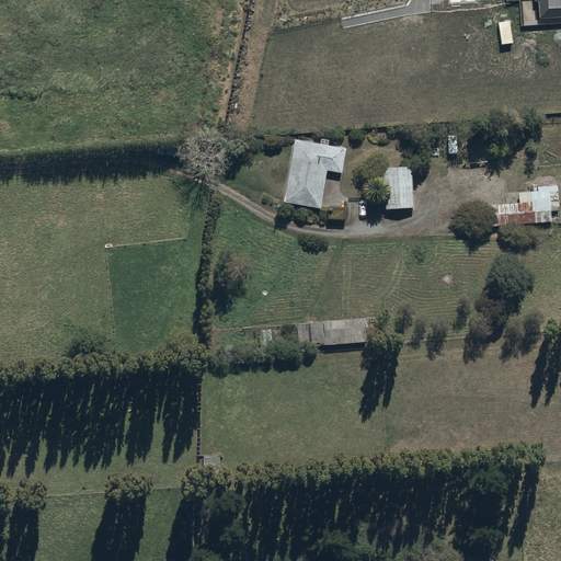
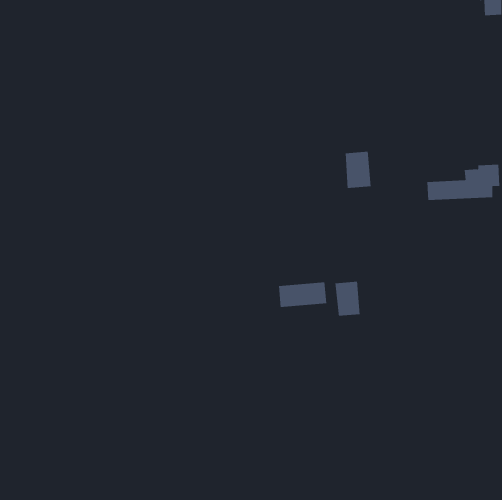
building: [287,144,344,207] -> none
building: none -> [335,281,360,316]

